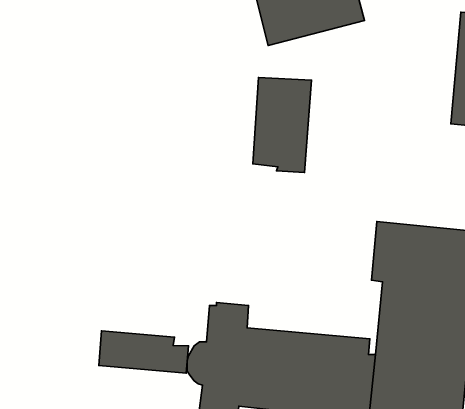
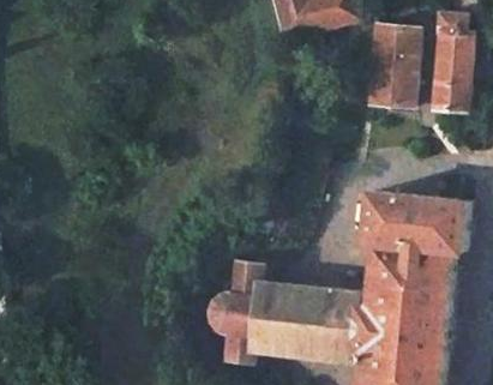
building: [253,77,311,172] -> [369,25,420,107]
building: [99,331,188,373] -> none

